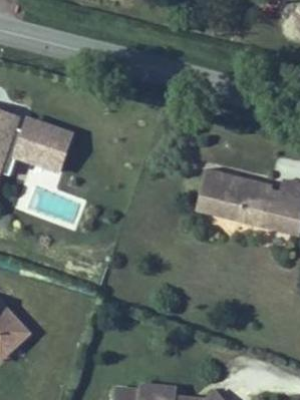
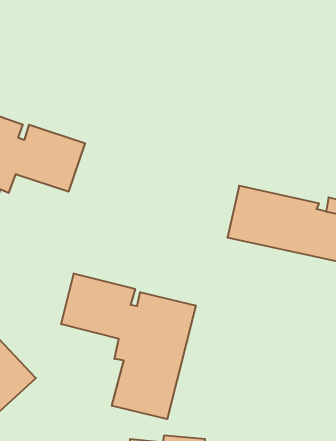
building: none -> [61,273,196,419]

